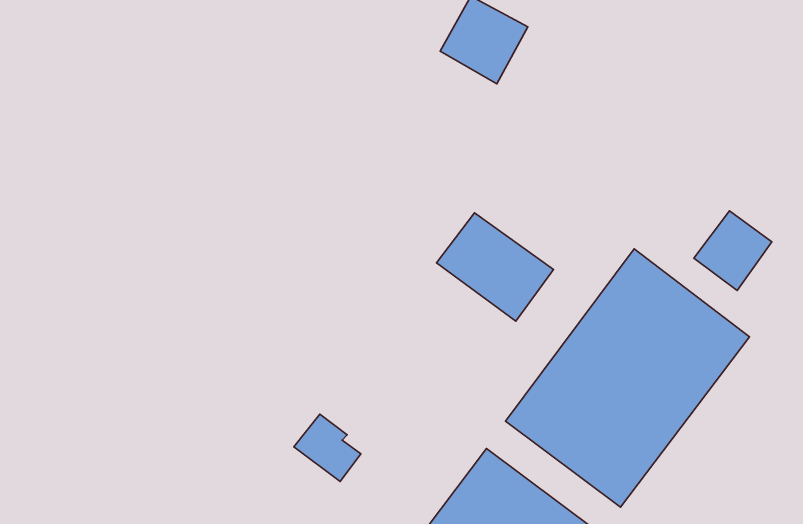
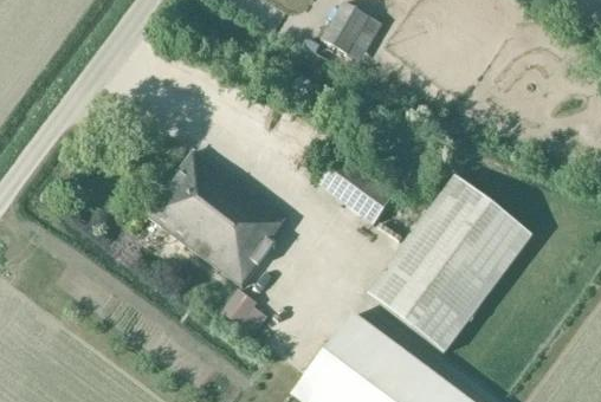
building: none -> [144,148,285,286]
building: [694,211,772,291] -> none

